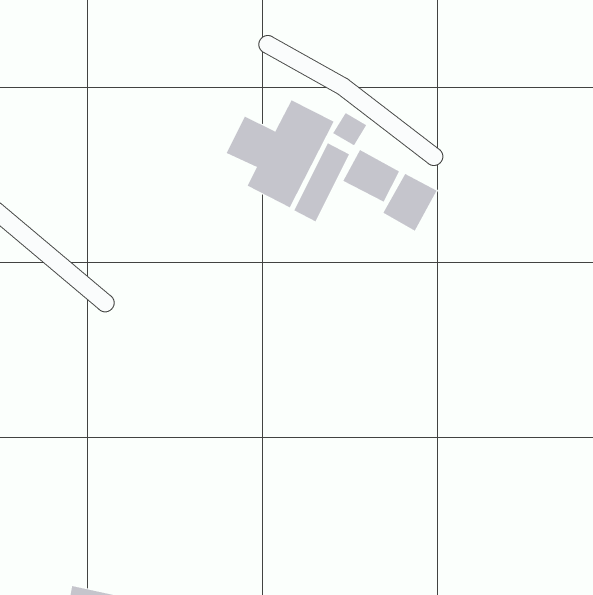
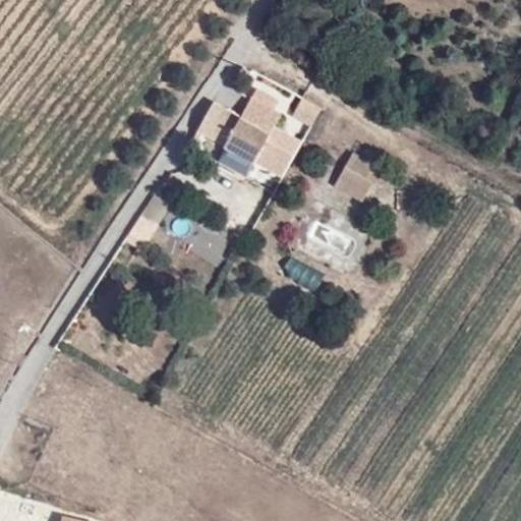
building: [343,149,400,203] -> none

